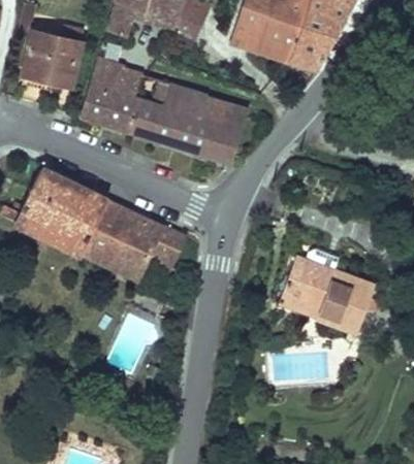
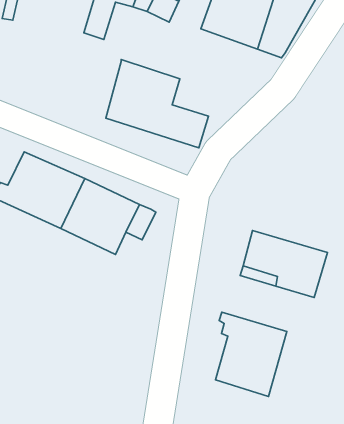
building: [22,24,86,86] -> none
building: [82,65,146,134] -> none
building: [200,92,249,132] -> none
building: none -> [216,312,287,396]

